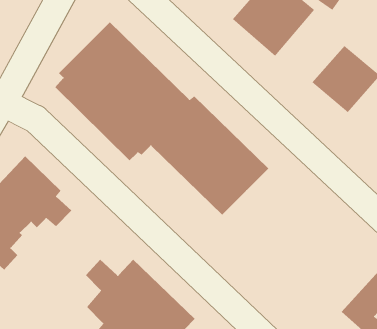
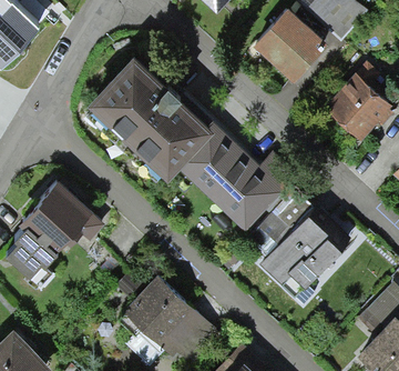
building: none -> [260,197,352,301]

